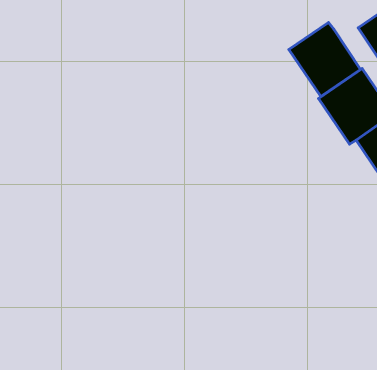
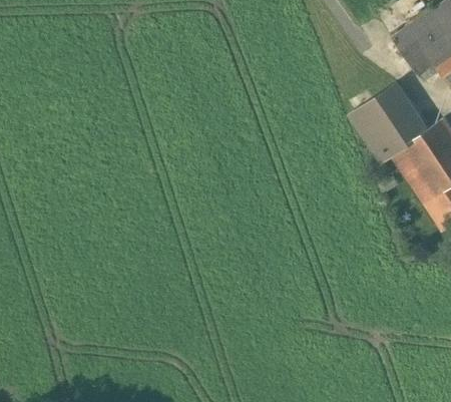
building: [289,22,361,97] -> none

